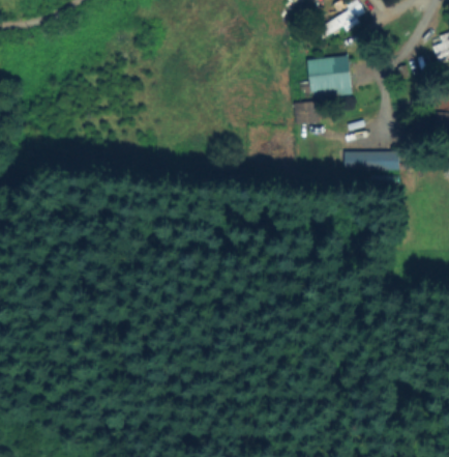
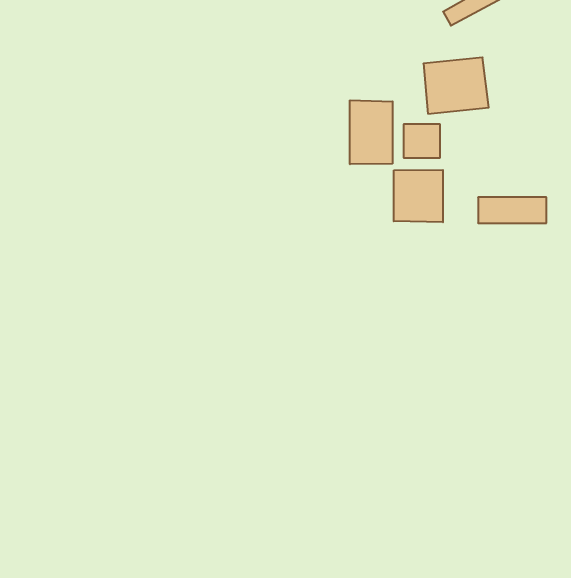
building: none -> [350,100,393,164]
building: none -> [394,170,443,222]

